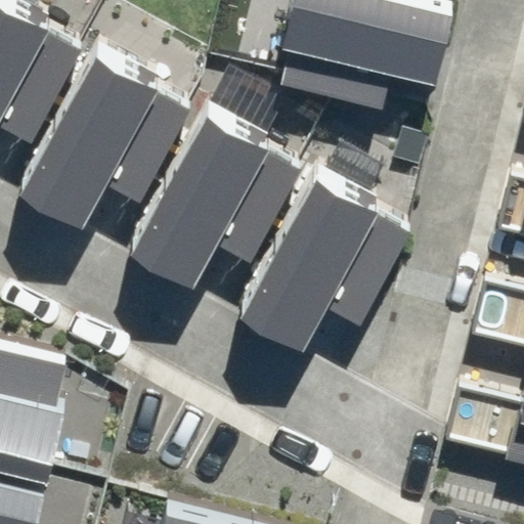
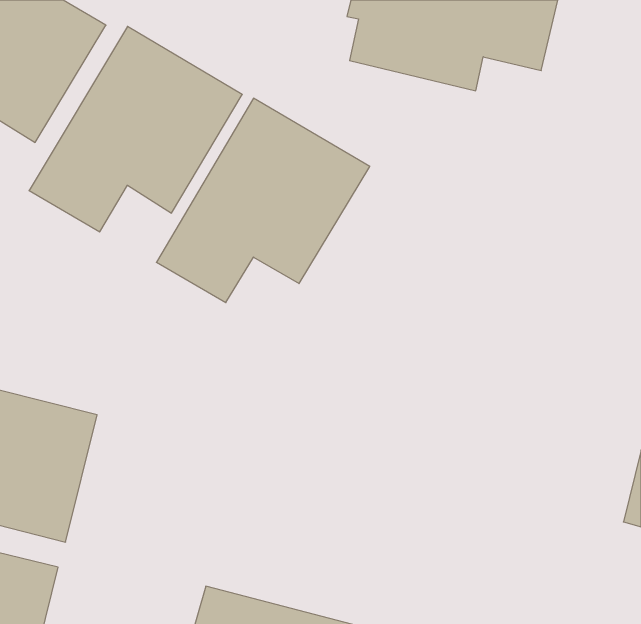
building: [245,163,418,330] -> none

